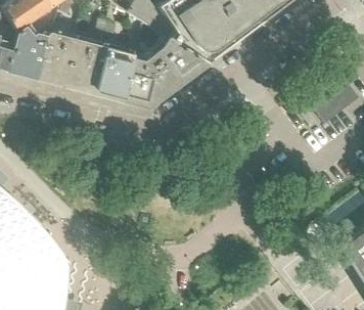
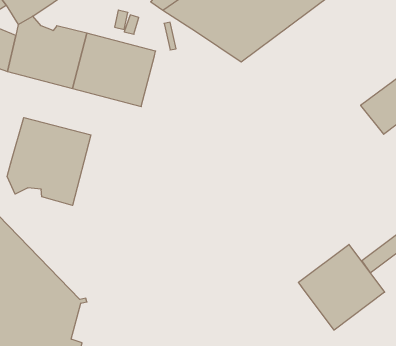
building: [122,37,207,107] -> none
building: none -> [7,118,91,205]
building: none -> [298,244,385,330]

